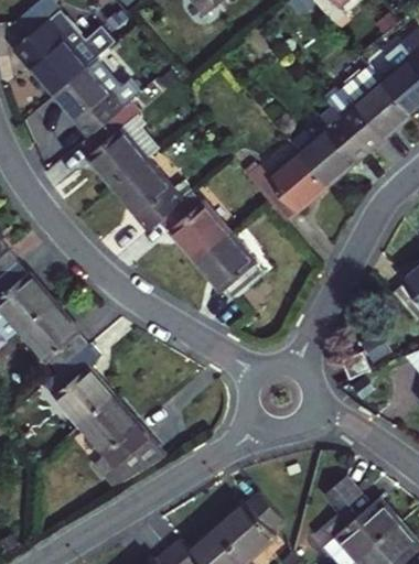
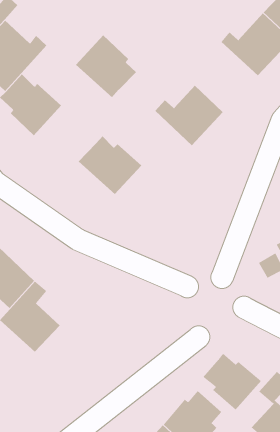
building: [289,108,366,186] -> none
building: [110,156,178,228] -> [75,34,137,98]
building: [192,234,259,304] -> none
building: [82,399,166,491] -> none
building: none -> [203,353,262,411]

